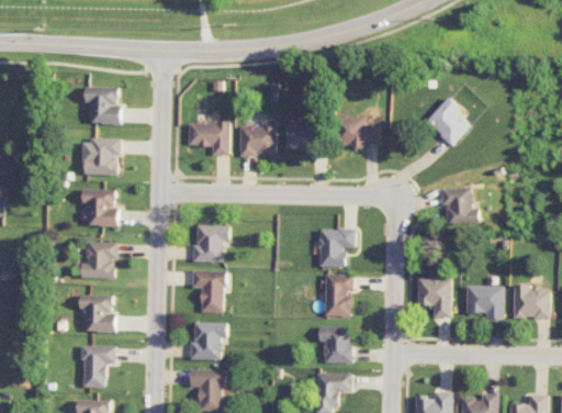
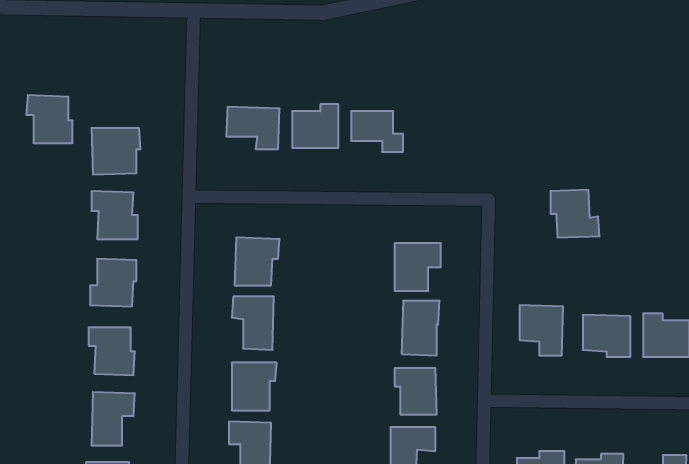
building: [83,86,120,123] -> [26,95,73,143]
building: [424,97,471,146] -> none
building: [337,115,378,146] -> none

